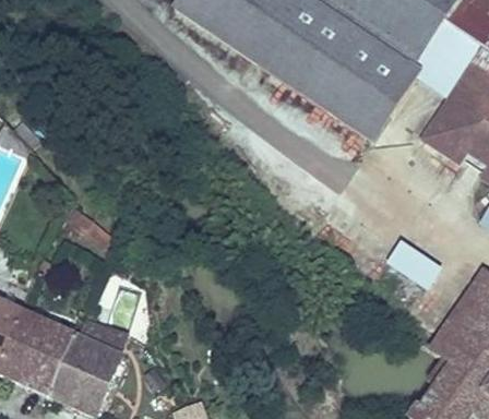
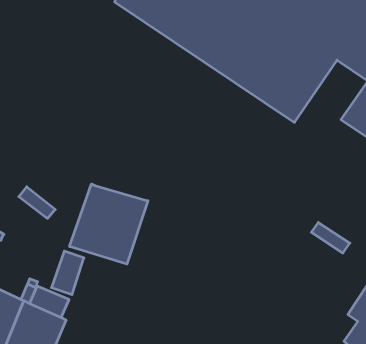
building: none -> [70,184,148,264]

